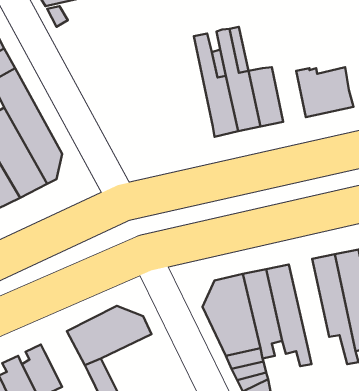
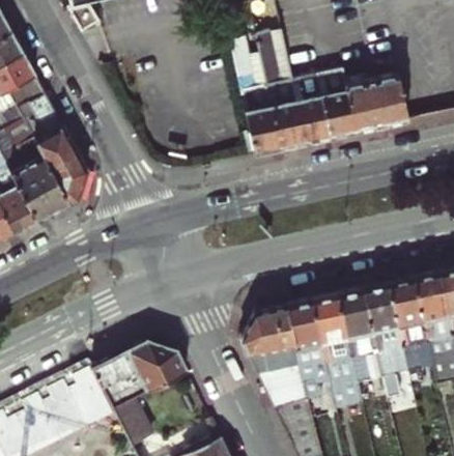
building: none -> [318,69,356,136]
building: none -> [337,287,382,383]
building: none -> [67,367,116,428]

